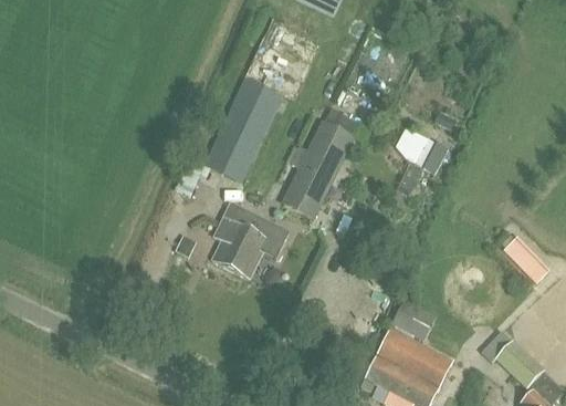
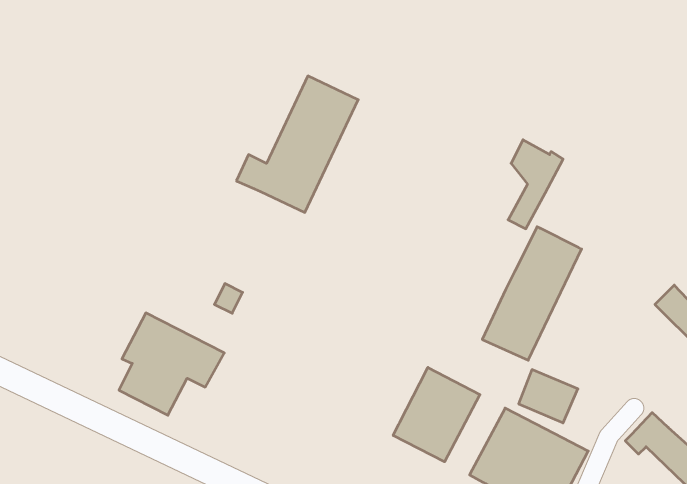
building: [281,119,355,219] -> [482,227,582,360]
building: [211,202,290,279] -> [119,313,224,415]
building: none -> [393,367,480,462]

